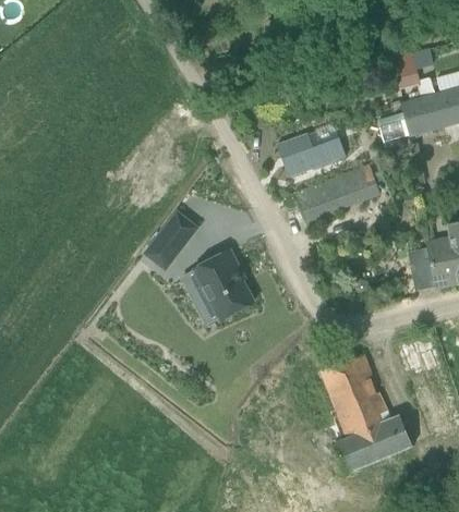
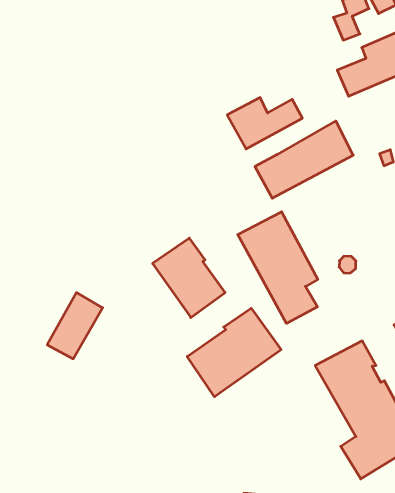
building: [143,210,195,267] -> [47,293,103,359]
building: none -> [238,212,318,323]
building: none -> [187,308,281,397]

